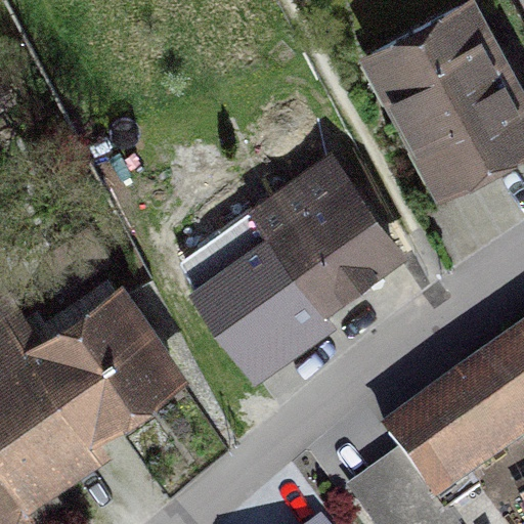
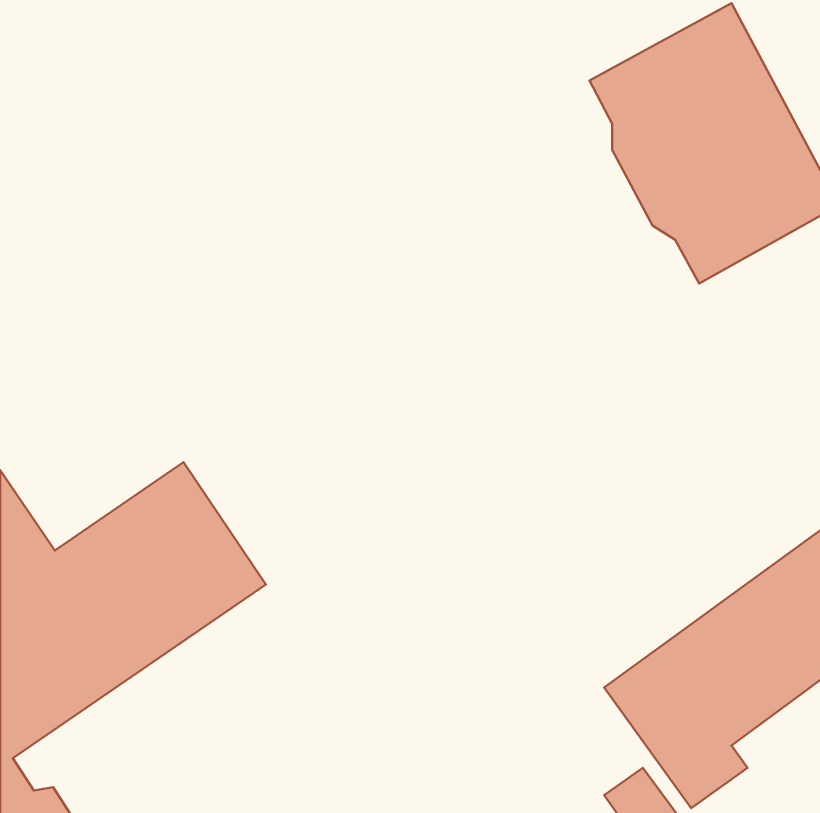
building: [172,165,390,362] -> none

